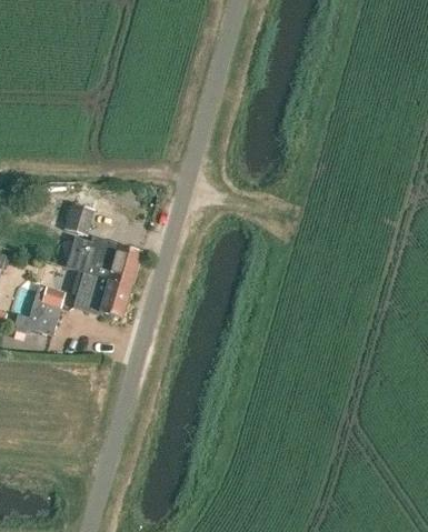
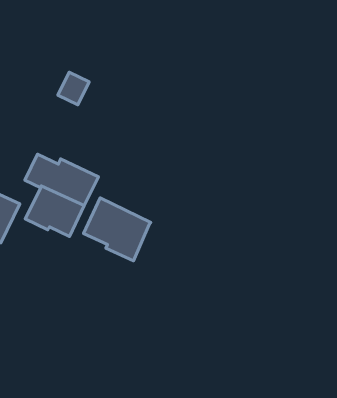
building: [63,203,93,235] -> [58,72,89,105]
building: none -> [83,198,151,261]

